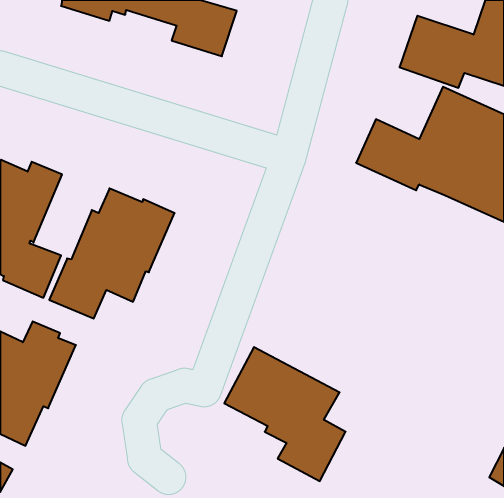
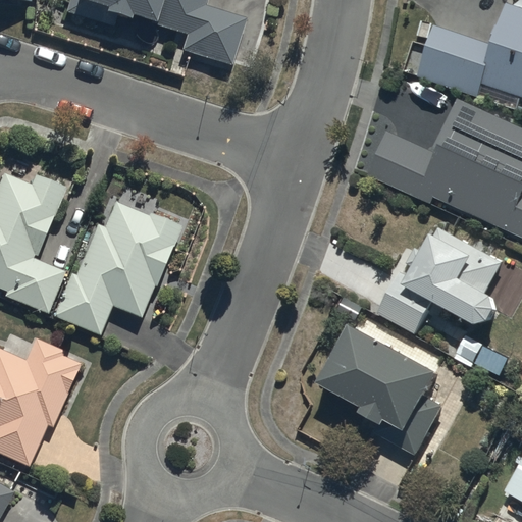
building: none -> [378,225,502,332]
building: [224,347,346,481] -> [317,316,442,455]

